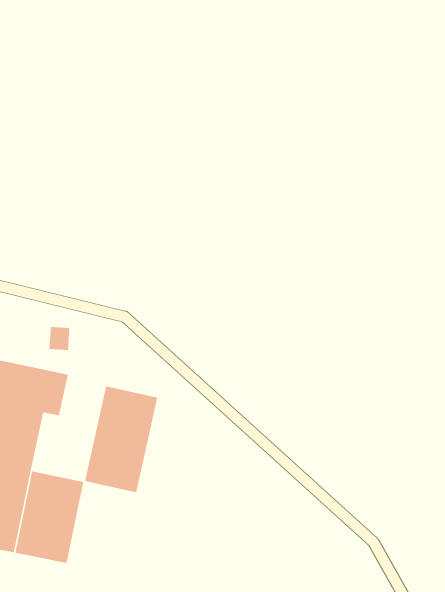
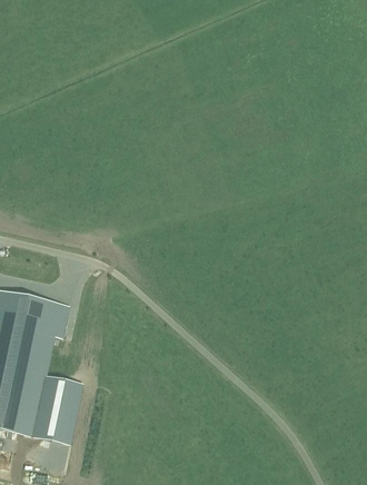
building: [84,385,158,493] -> none

